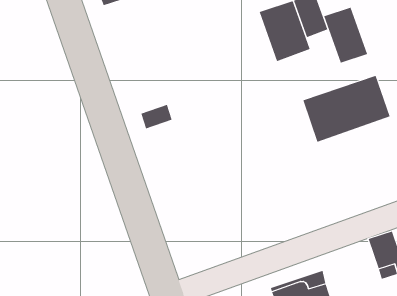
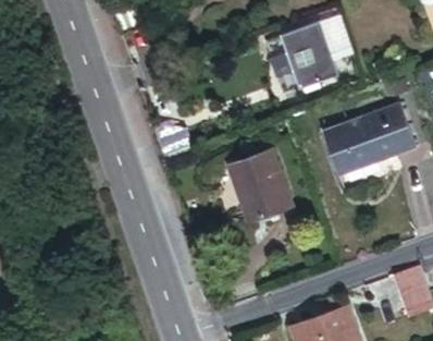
building: [323,7,368,64] -> none
building: none -> [227,151,290,221]

